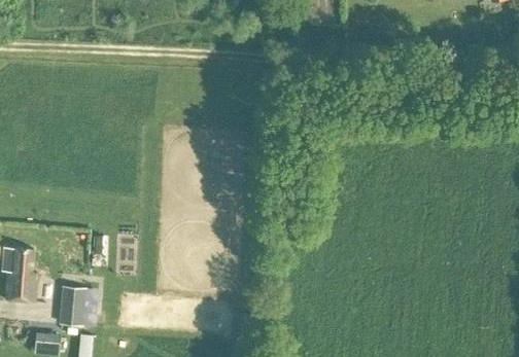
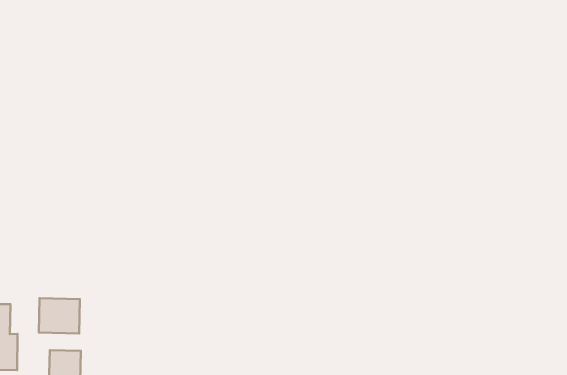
building: none -> [39,298,80,334]

